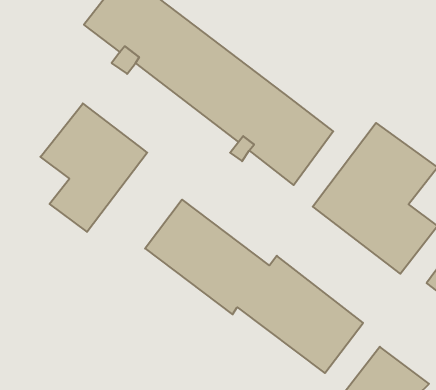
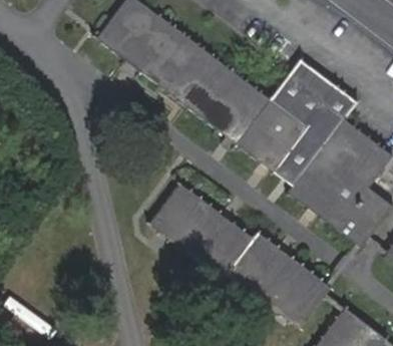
building: none -> [271,60,355,186]
building: [40,103,147,232] -> none

